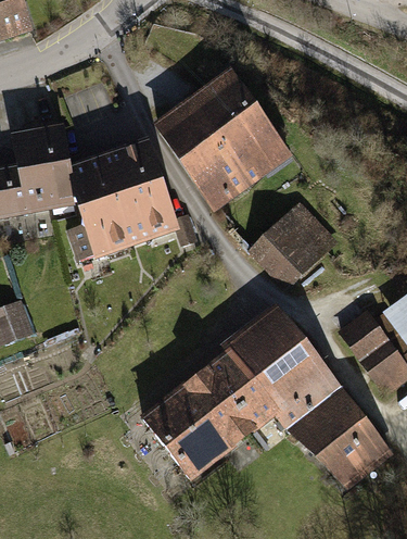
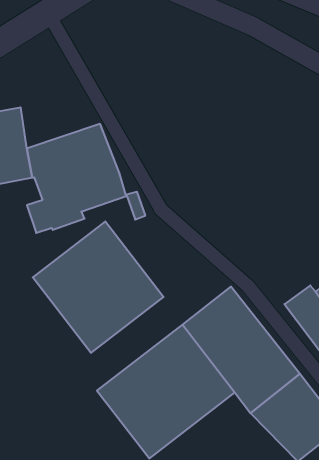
building: [158,73,288,203] -> none
building: [249,200,329,280] -> none
building: none -> [33,221,164,353]

